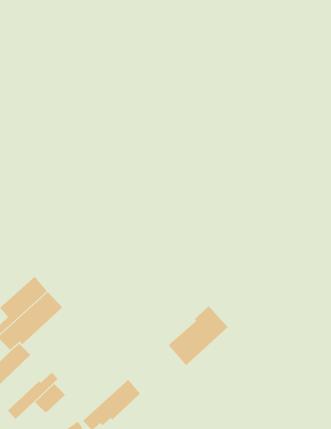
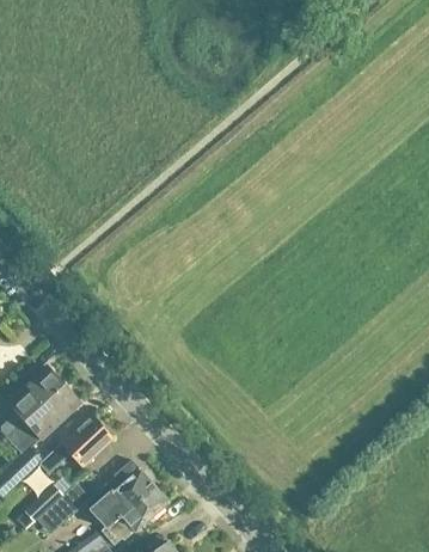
building: [168,305,229,366] -> [85,460,154,529]
building: none -> [38,415,112,474]

